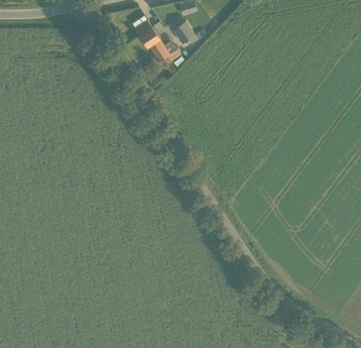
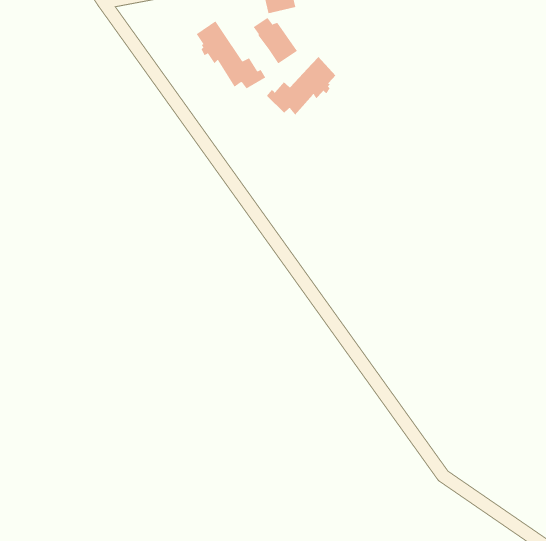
building: none -> [266,56,336,116]

